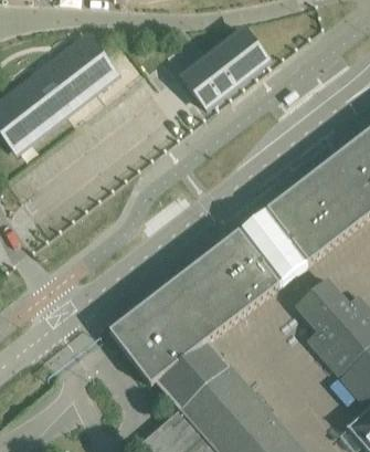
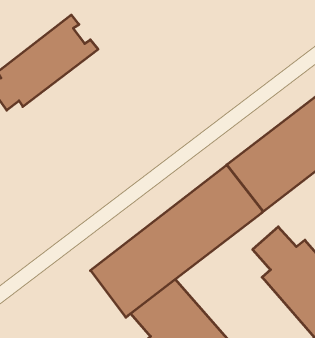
building: [182,29,268,107] -> none

